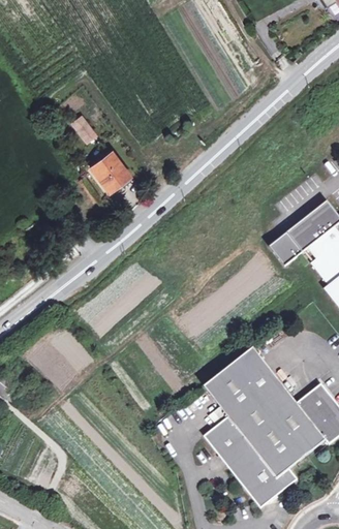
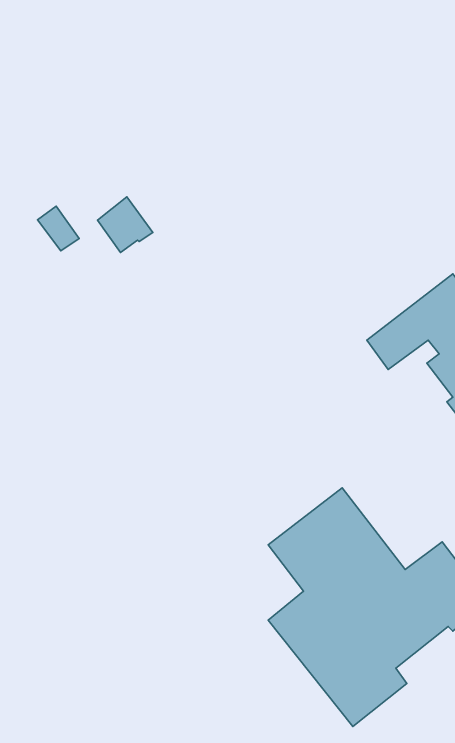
building: [70,113,98,143] -> [38,206,79,251]

